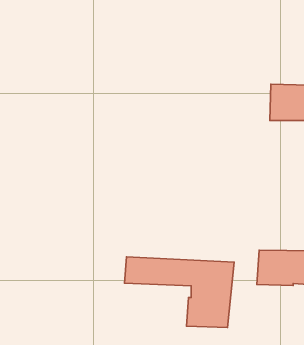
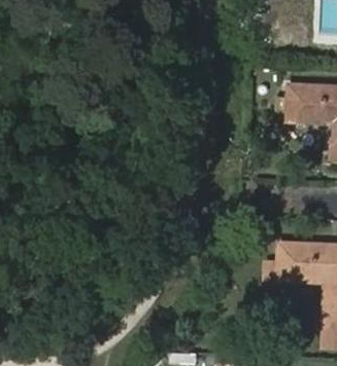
building: [125,257,234,328] -> none

